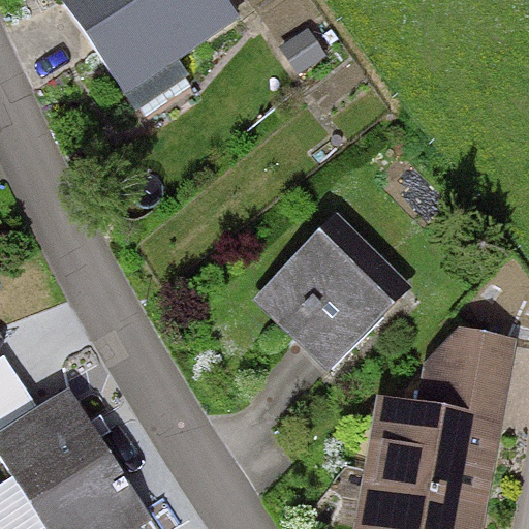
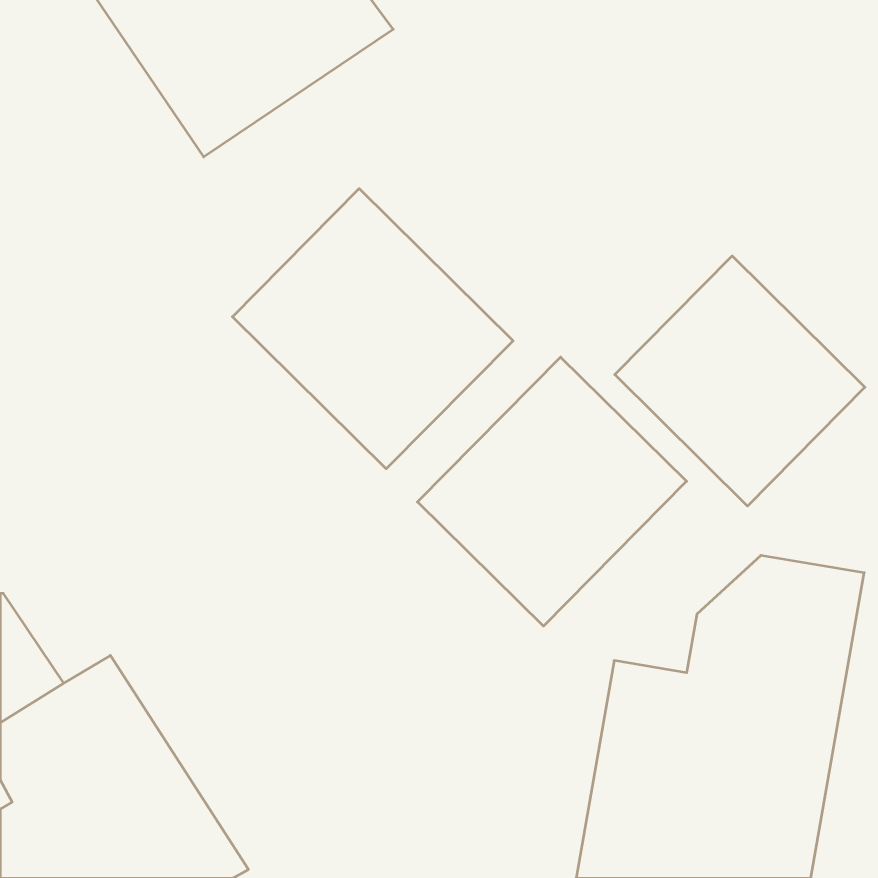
building: none -> [232,189,513,469]
building: none -> [615,256,865,506]

